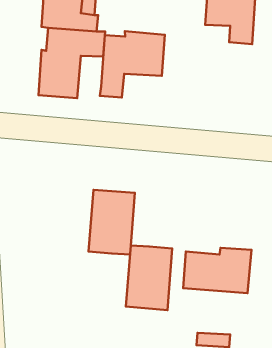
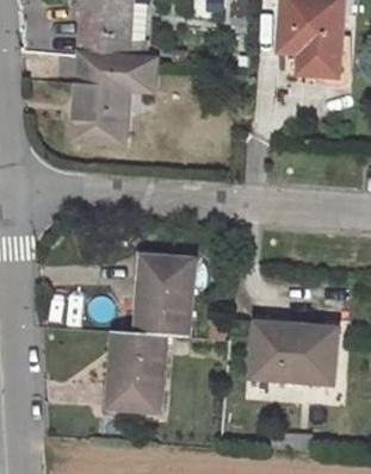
building: [100,31,165,97] -> none
building: [126,246,172,310] -> [107,330,165,410]

